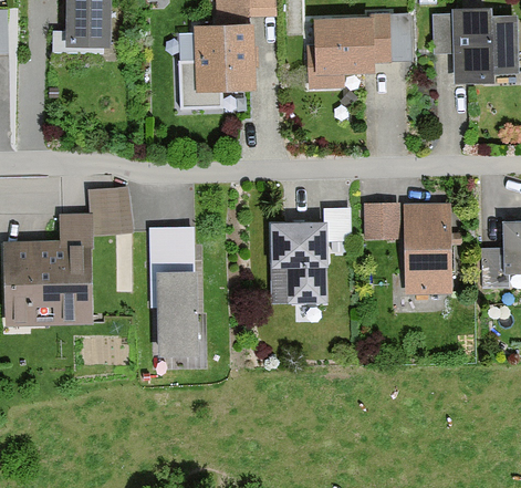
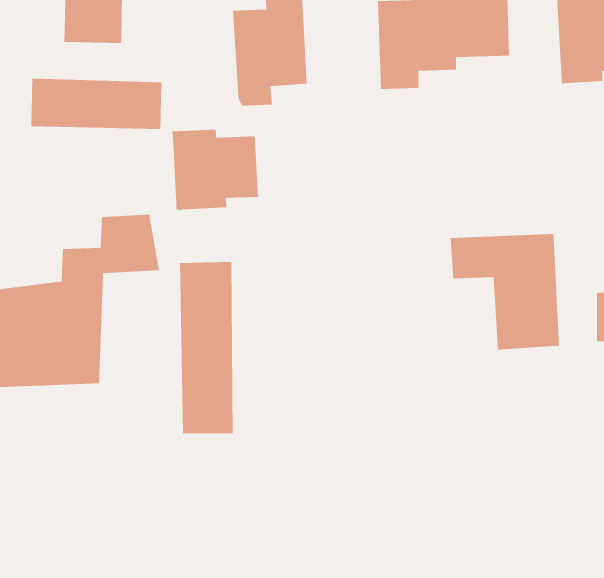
building: none -> [30,78,162,130]
building: none -> [172,129,259,211]
building: [270,205,361,324] -> none

